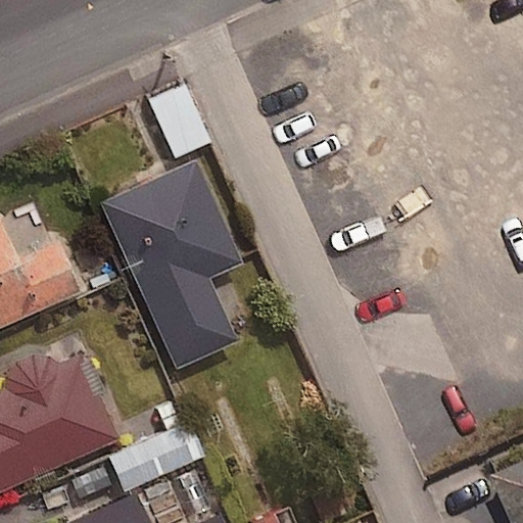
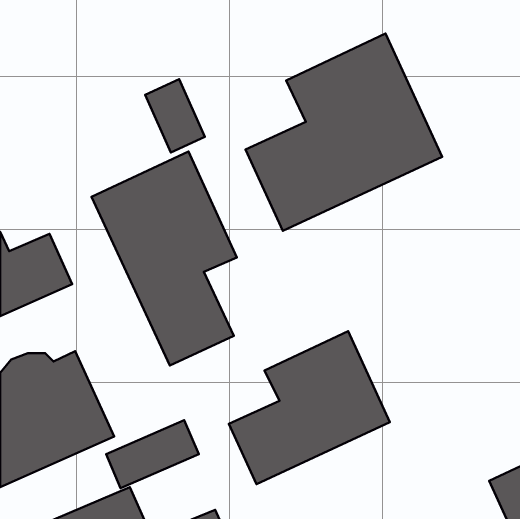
building: none -> [245,34,442,231]
building: none -> [229,331,390,484]

